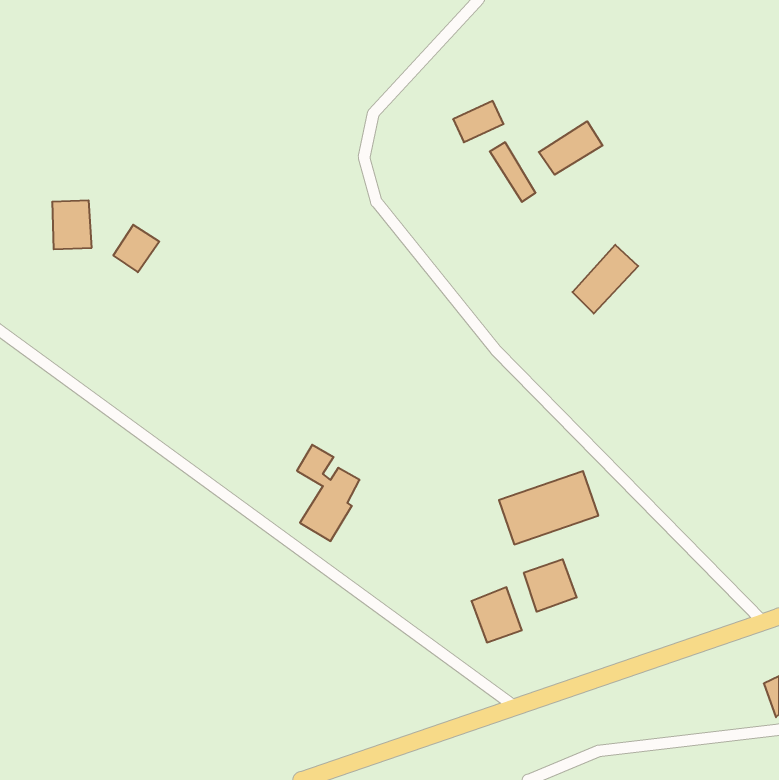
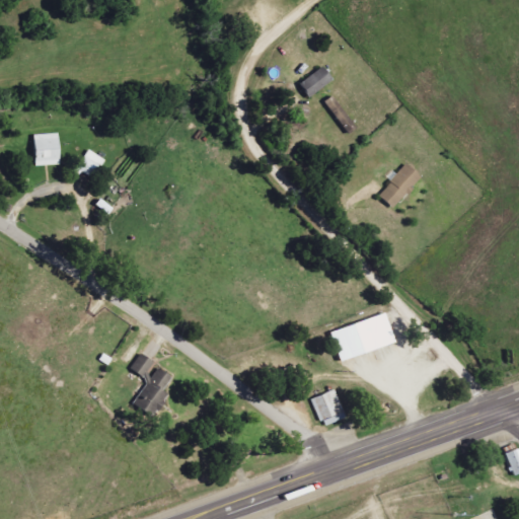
building: [539,121,603,175] -> none
building: [297,445,360,541] -> [130,352,171,416]
building: [524,559,577,612] -> none

